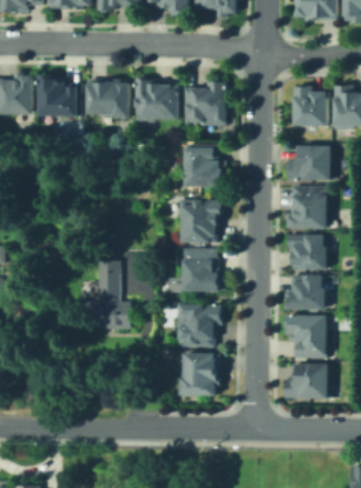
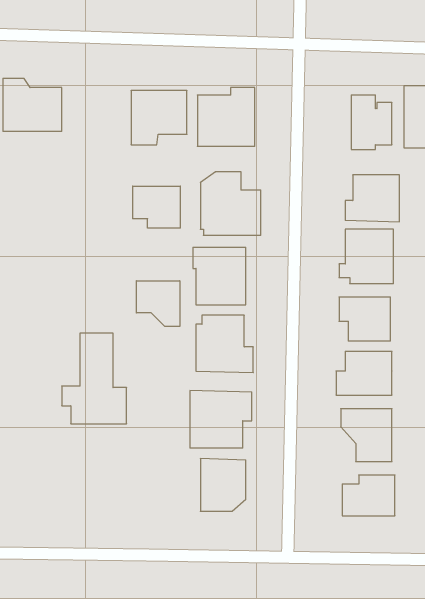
building: [87,83,126,118] -> none
building: none -> [133,186,180,228]
building: none -> [136,281,180,326]

